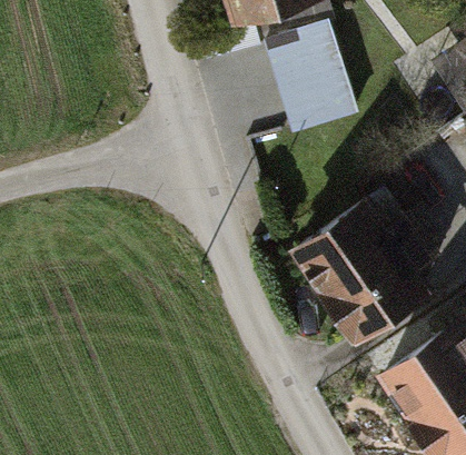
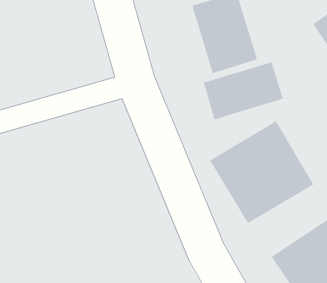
building: none -> [203,61,284,120]

